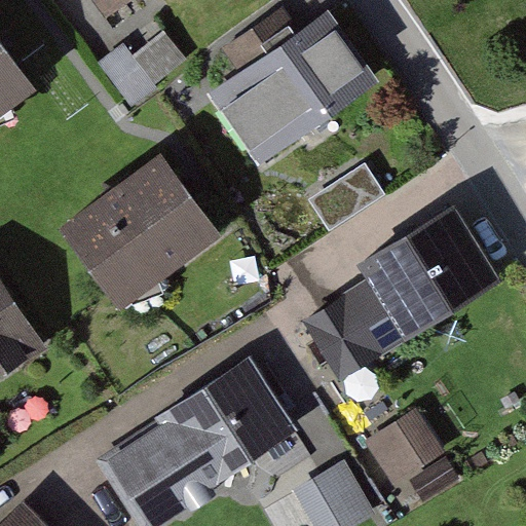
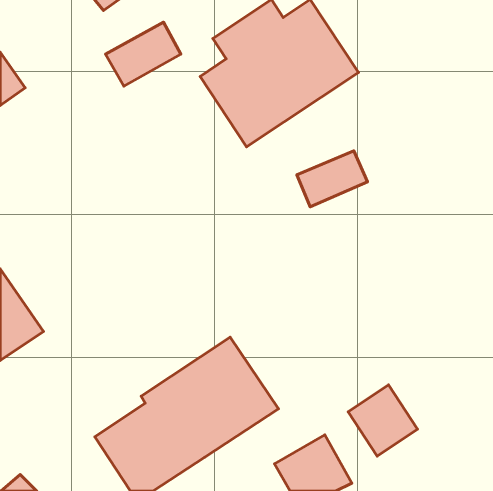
building: [53,155,217,313] -> none
building: [299,212,498,386] -> none

